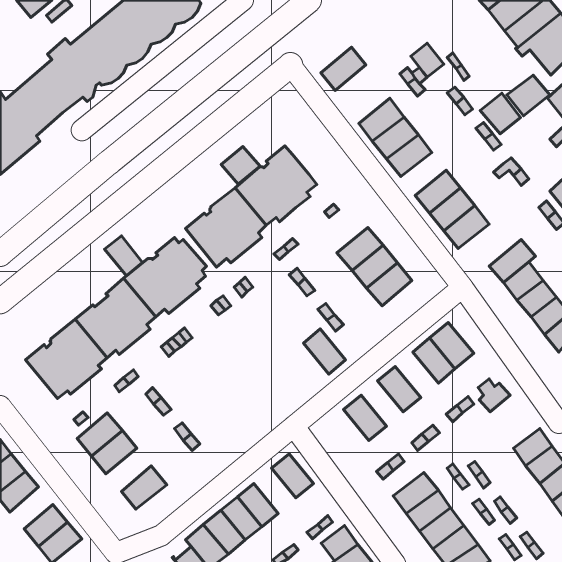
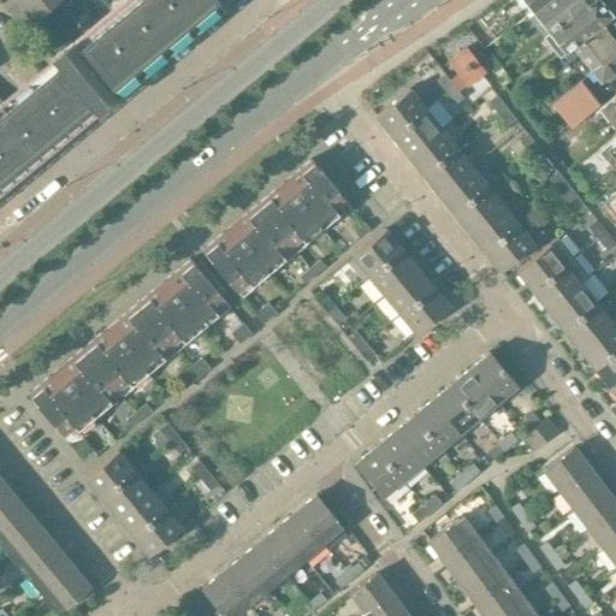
building: [321,47,366,90] -> [378,90,427,137]
building: [480,93,520,134] -> none
building: [221,147,260,184] -> none
building: none -> [439,168,488,215]
building: none -> [354,231,403,278]
building: none -> [519,243,570,292]
building: [105,236,143,276] -> none
building: [304,329,346,374] -> [396,417,442,467]
building: none -> [433,386,480,436]
building: none -> [356,449,404,498]
building: none -> [546,450,591,491]
building: none -> [118,491,167,538]
building: none -> [279,513,325,562]
building: none -> [13,533,60,579]

